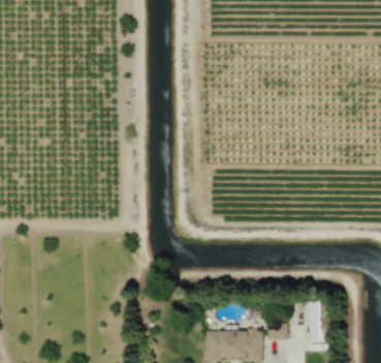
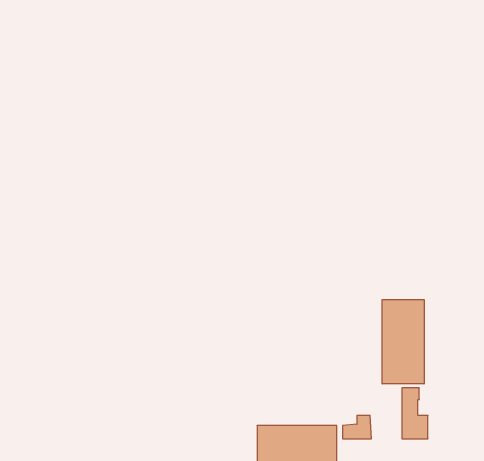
building: none -> [382,300,424,384]

